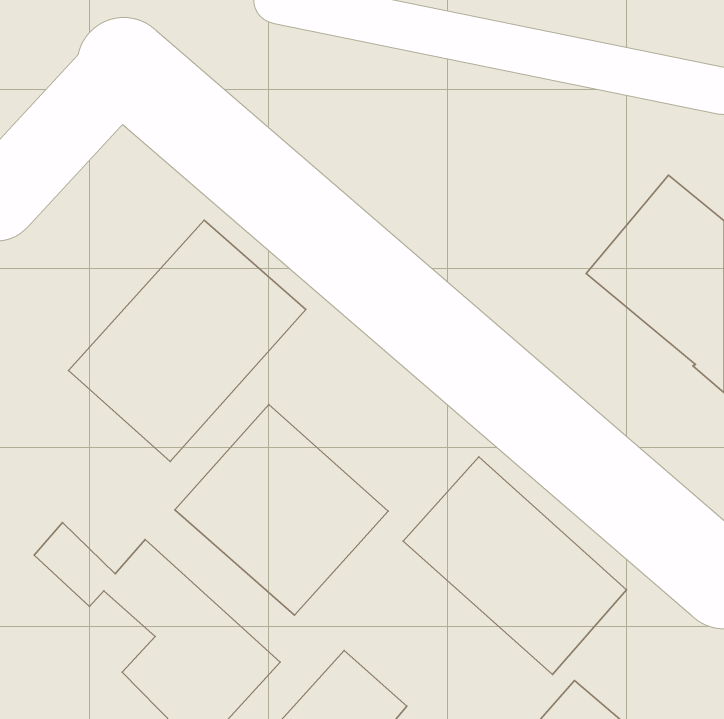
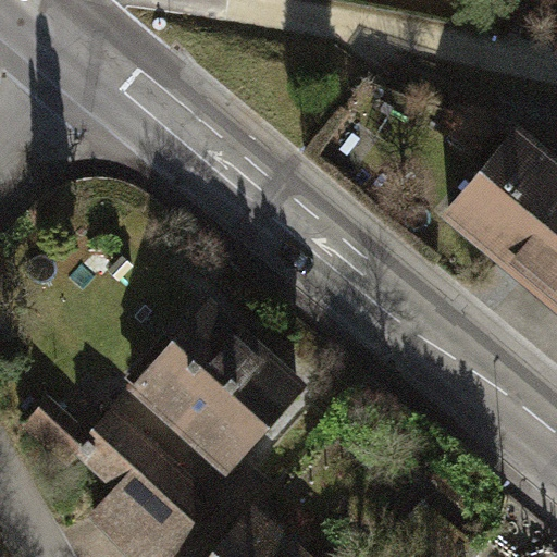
building: [69,220,306,461] -> none
building: [403,457,627,675] -> none

